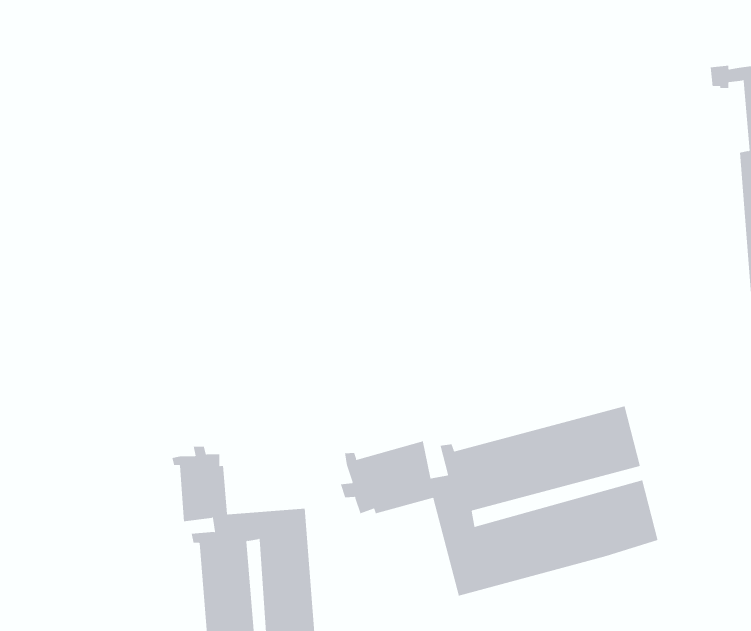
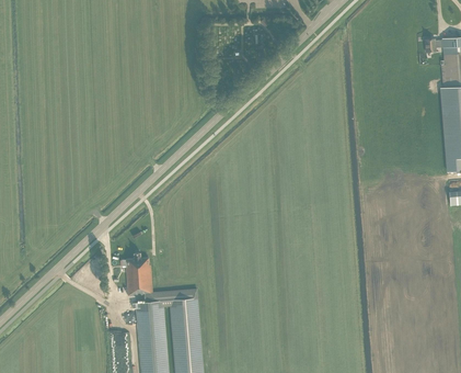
building: [340,405,658,596] -> none

